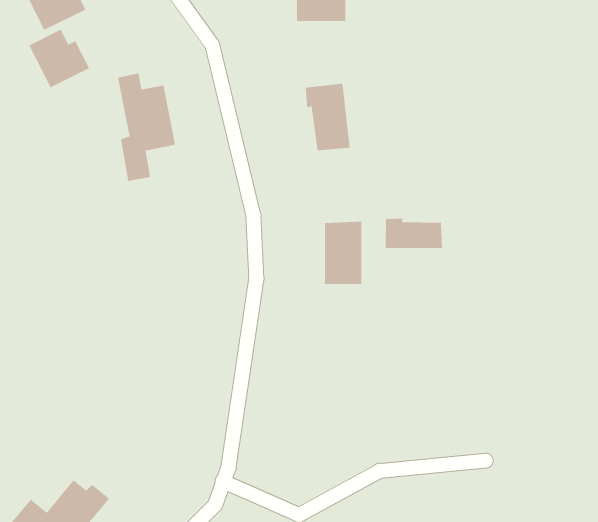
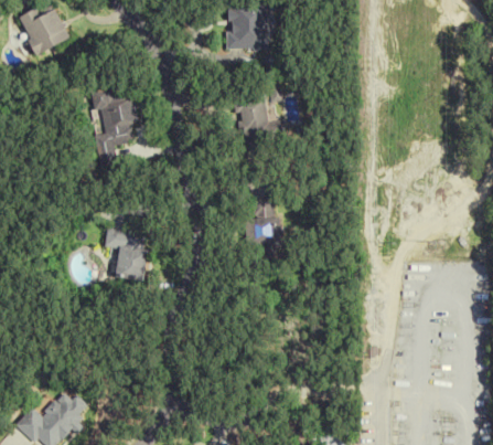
building: [28,29,90,88] -> none
building: [385,218,442,249] -> none
building: none -> [105,229,149,282]

